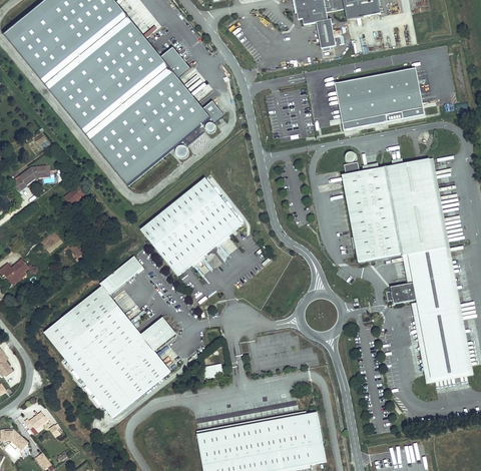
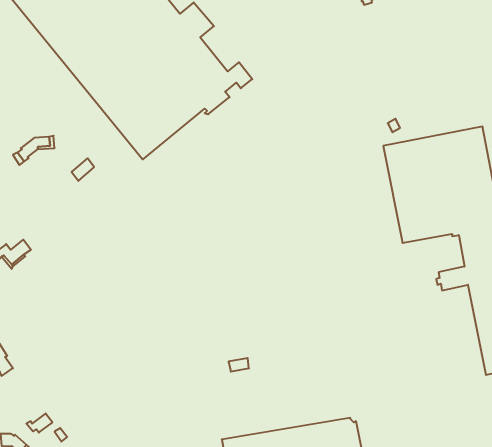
building: [338,71,424,130] -> none
building: [139,176,242,275] -> none
building: [43,256,172,416] -> none

